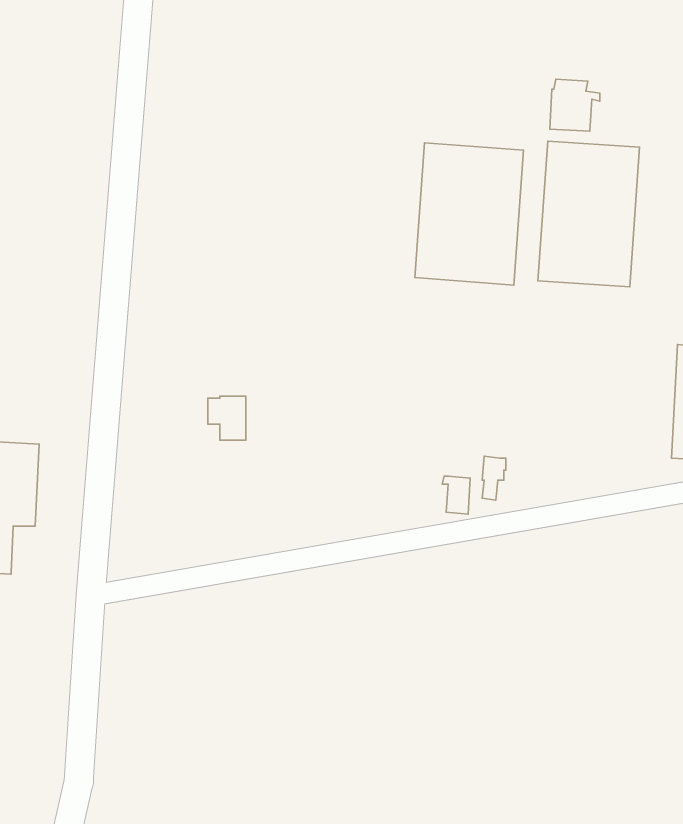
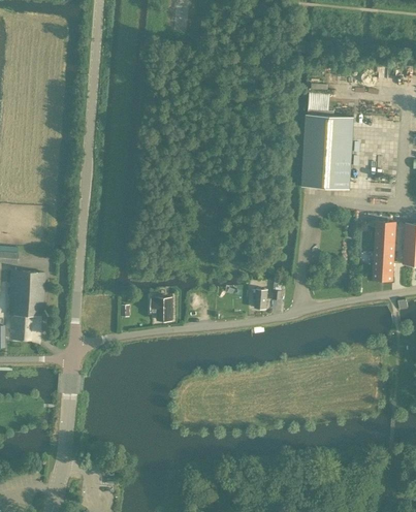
building: [415,143,523,285] -> none
building: [208,396,246,440] -> [151,296,170,319]

